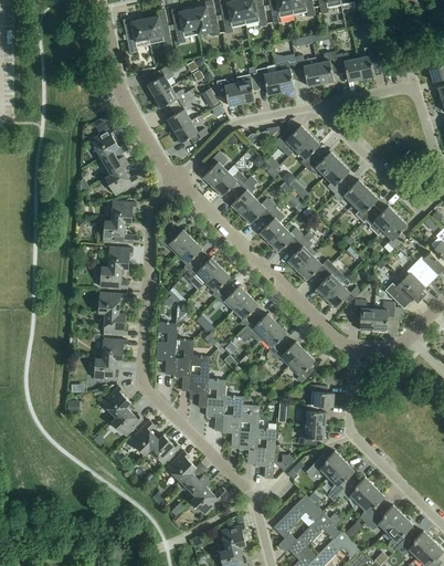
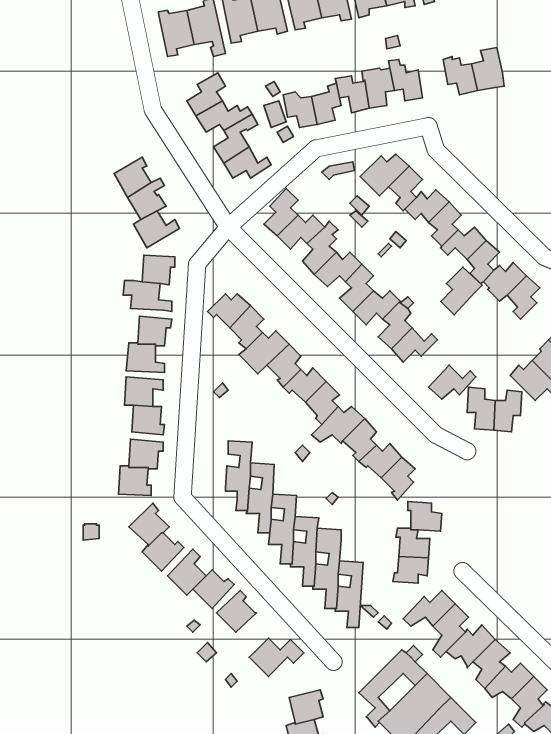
building: [317,51,338,83] -> none
building: [315,263,346,298] -> [441,267,482,315]
building: [156,322,177,374] -> none
building: [181,461,210,495] -> none

